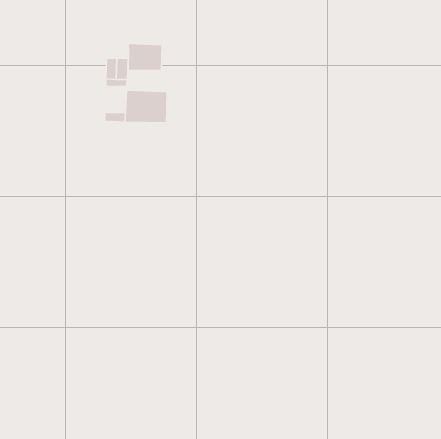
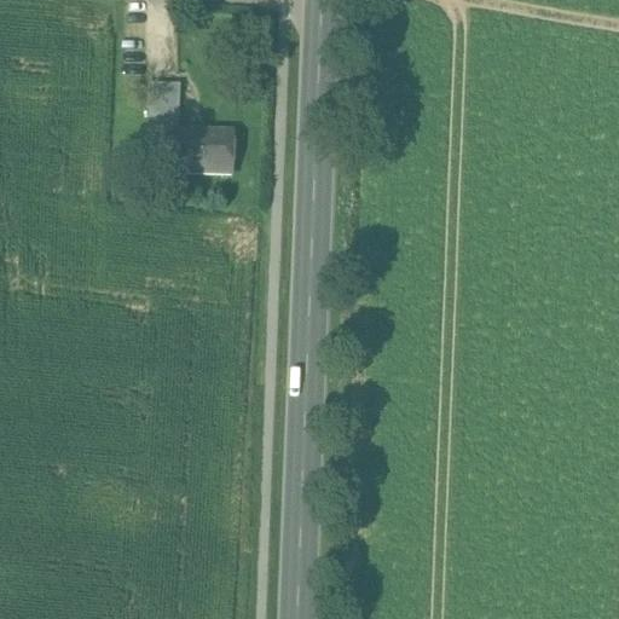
building: [128,44,162,71] -> none

